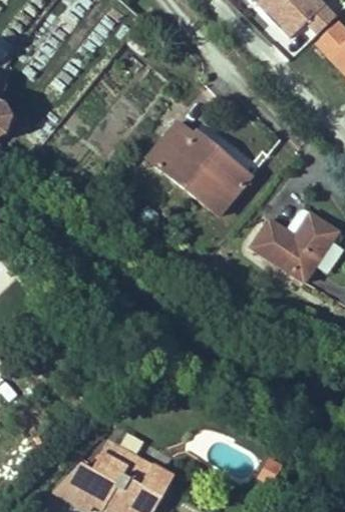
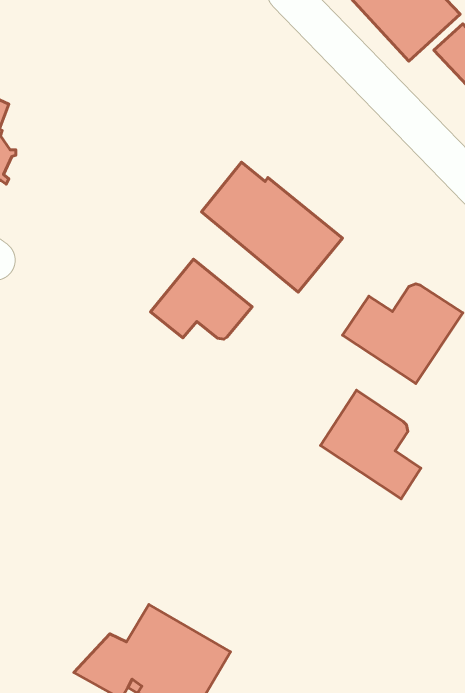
building: none -> [150,259,252,339]
building: none -> [320,390,421,499]

